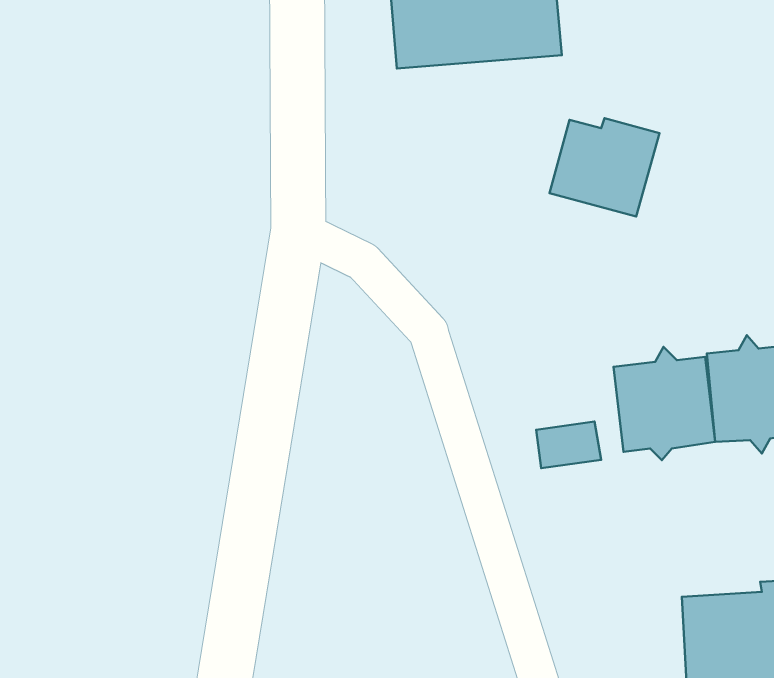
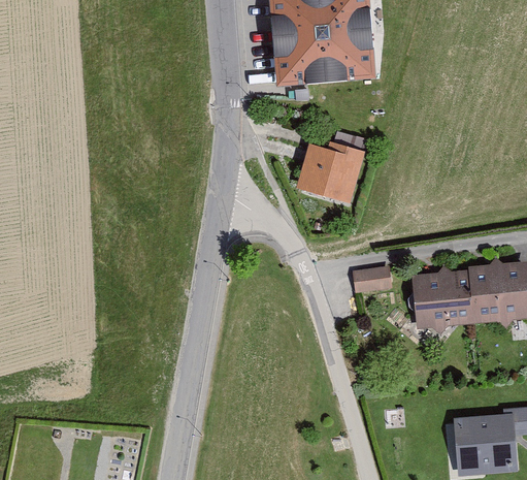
building: [550,118,660,217] -> [296,142,364,203]
building: [536,422,601,468] -> [351,263,391,292]

